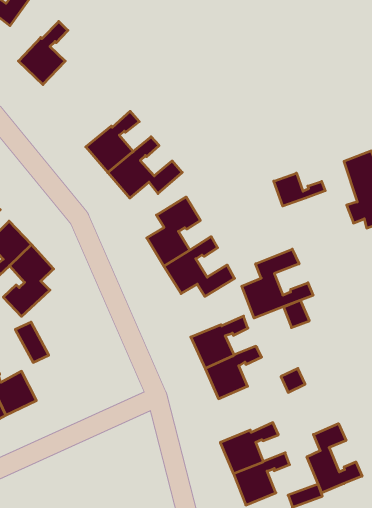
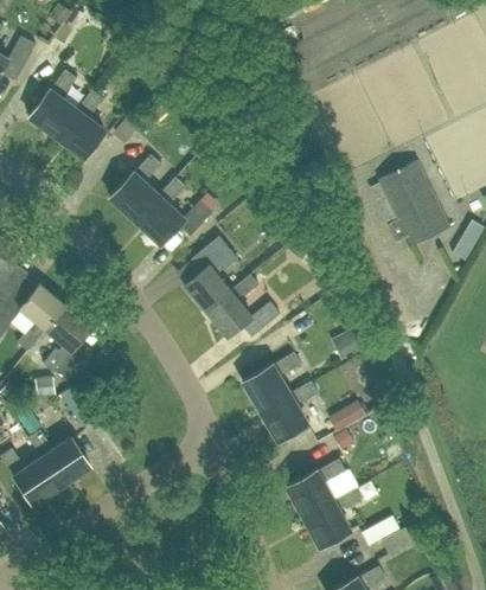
building: none -> [57,90,105,158]
building: [274,173,325,206] -> none
building: [242,249,313,318] -> none
building: [307,424,362,493] -> none

